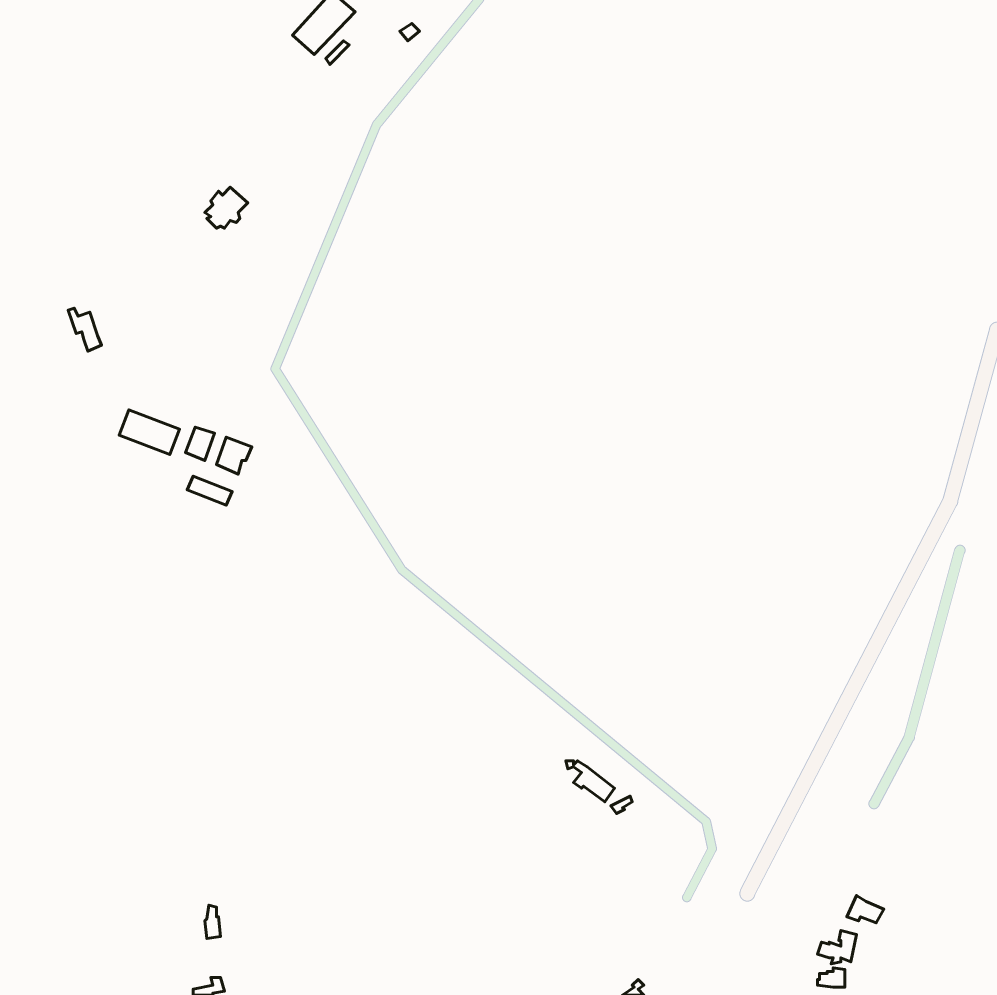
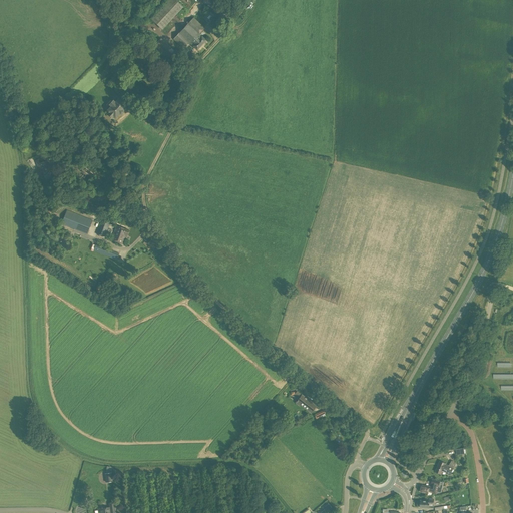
building: none -> [172,17,205,49]

